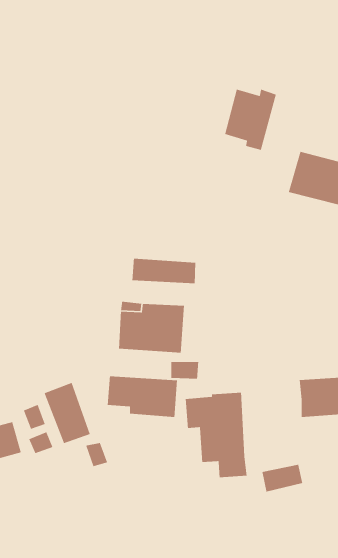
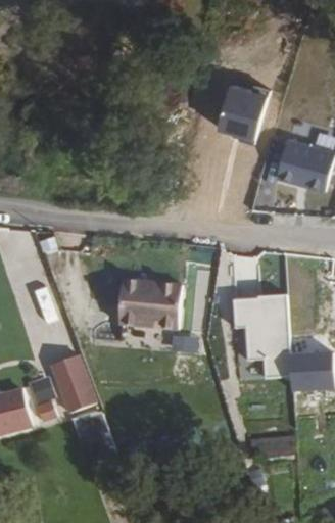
building: [132,258,196,284] -> none
building: [107,375,178,418] -> none
building: [185,392,247,478] -> [231,294,289,375]

